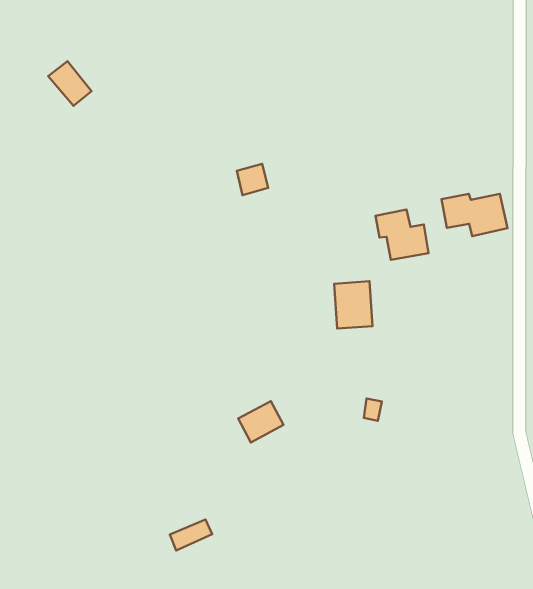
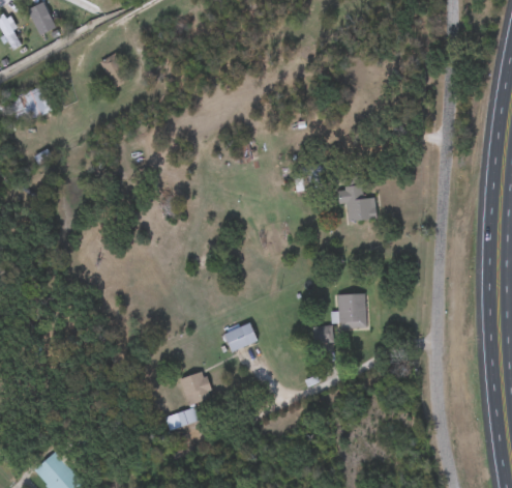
building: [442,194,507,236] -> none
building: [334,281,373,329] -> [338,294,365,328]
building: none -> [180,371,212,405]

